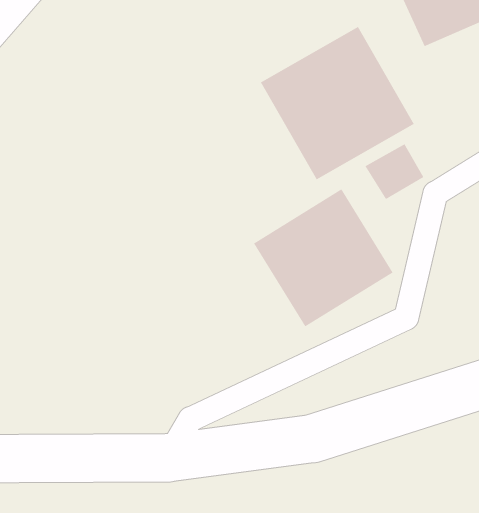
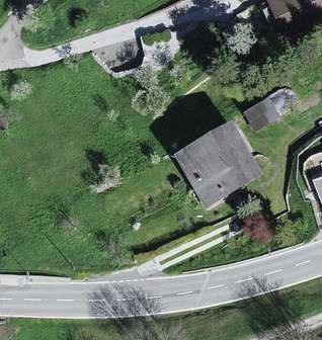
building: [260,26,414,180] -> none

